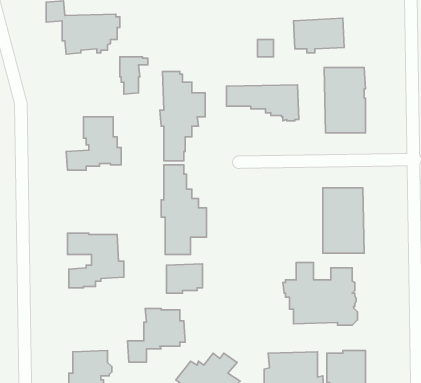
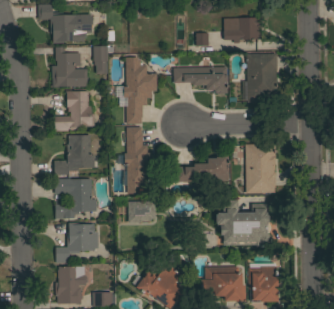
building: none -> [52,46,88,87]
building: none -> [55,134,96,174]
building: none -> [176,154,230,181]
building: [128,309,185,362] -> [56,222,99,262]

